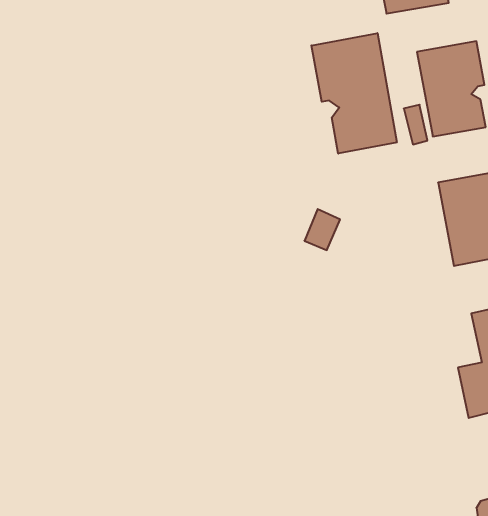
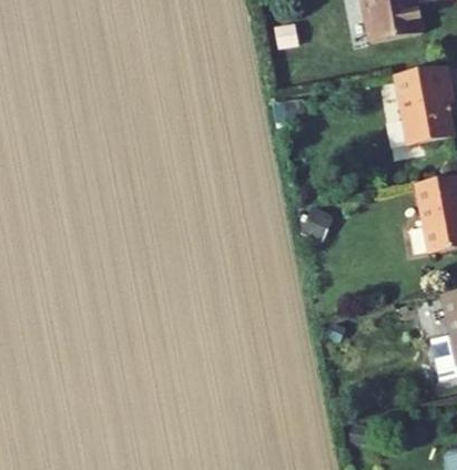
building: [311,33,397,154] -> none

